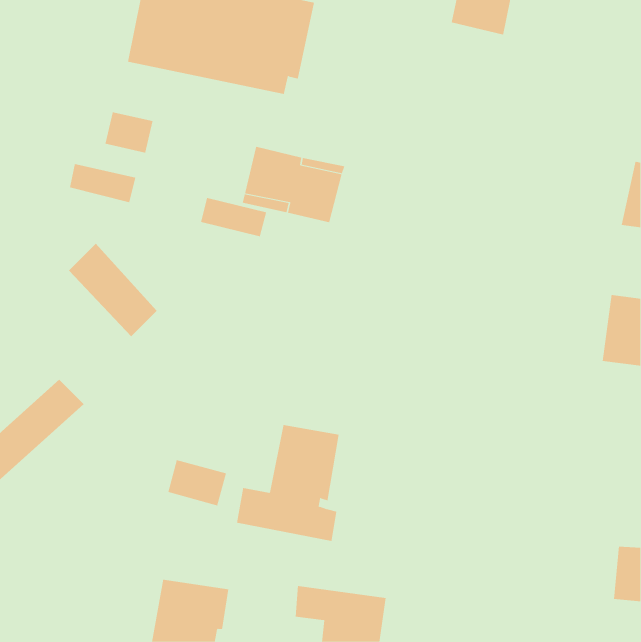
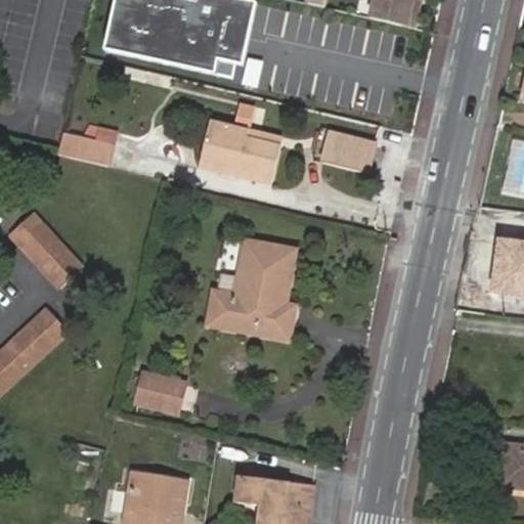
building: [105,111,153,153] -> none
building: none -> [321,132,372,169]
building: [200,197,267,237] -> none
building: [68,243,158,337] -> [10,209,83,286]
building: [236,424,340,542] -> [210,244,294,339]

